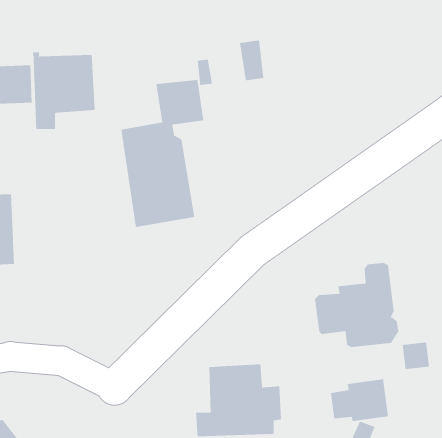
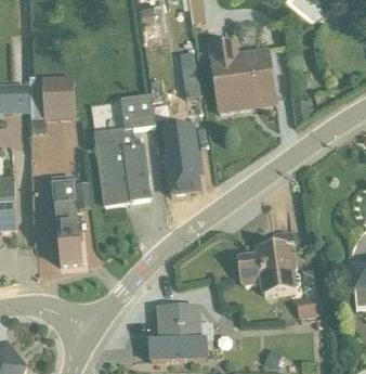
building: none -> [208,42,275,113]
building: none -> [165,131,201,195]
building: none -> [51,177,92,266]
building: [331,379,389,422] -> none

